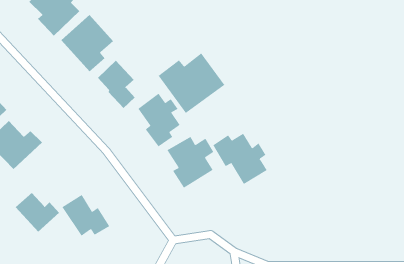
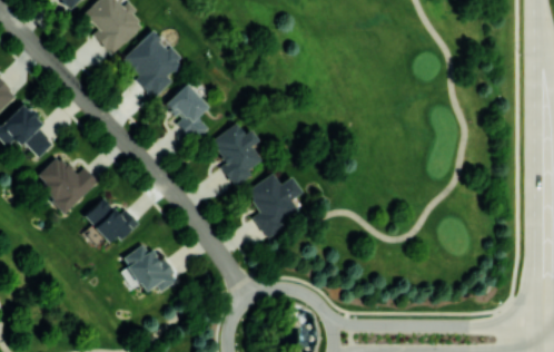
building: [158,53,225,114] -> none
building: [212,133,267,185] -> none
building: [15,192,60,233] -> [83,198,137,246]

